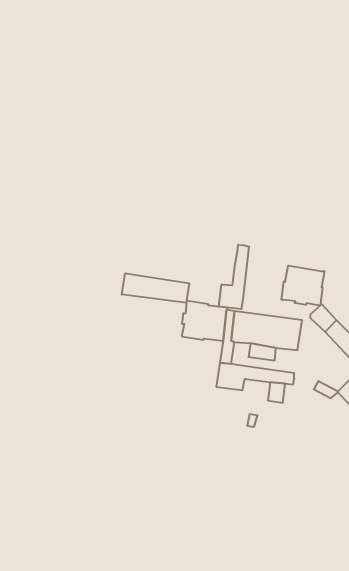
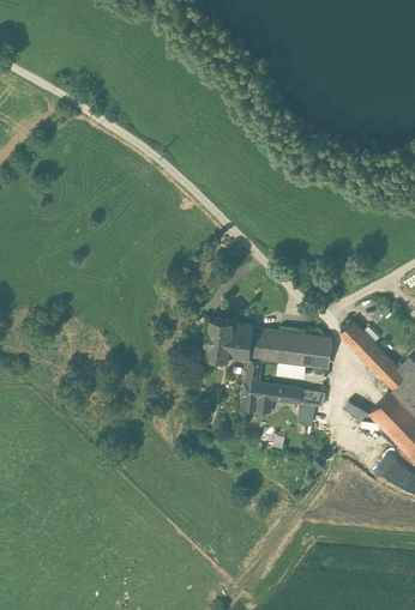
building: [219,245,249,309] -> none
building: [281,266,324,306] -> none
building: [122,273,189,303] -> none

